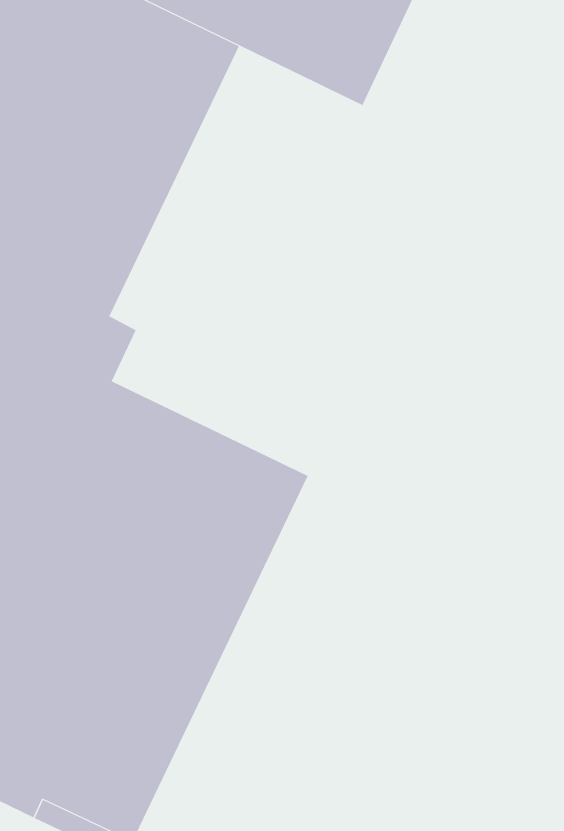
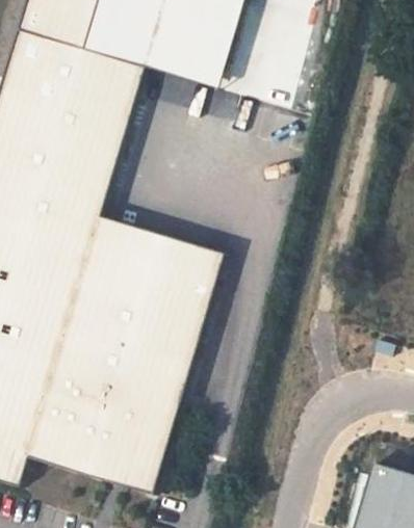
building: none -> [107,220,225,282]

